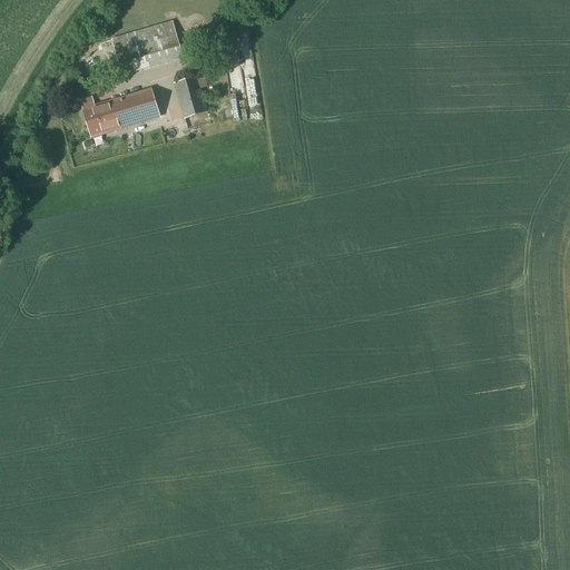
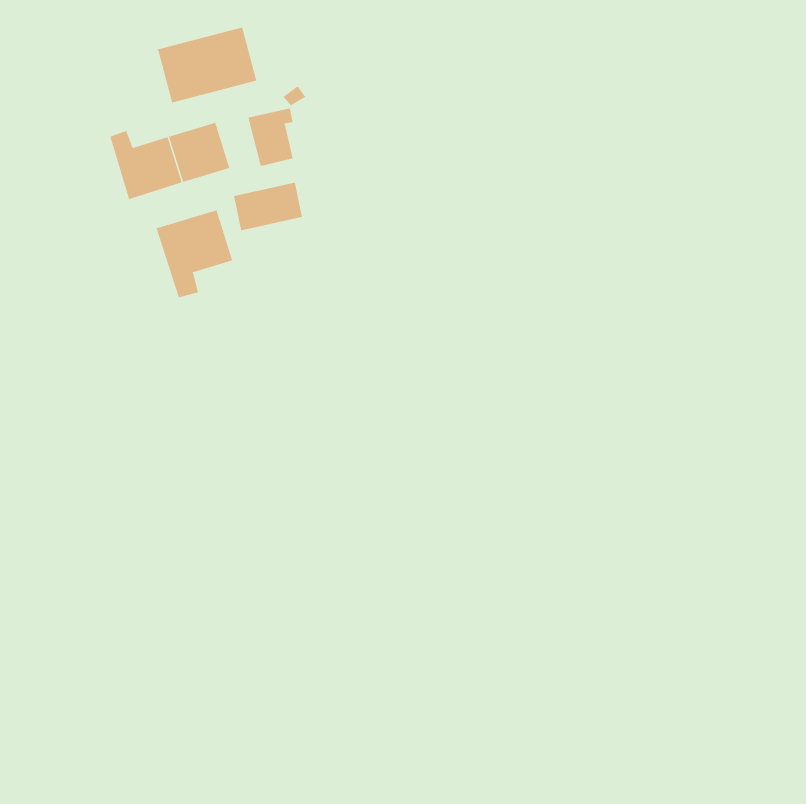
building: none -> [233,182,302,231]
building: none -> [156,210,233,298]

